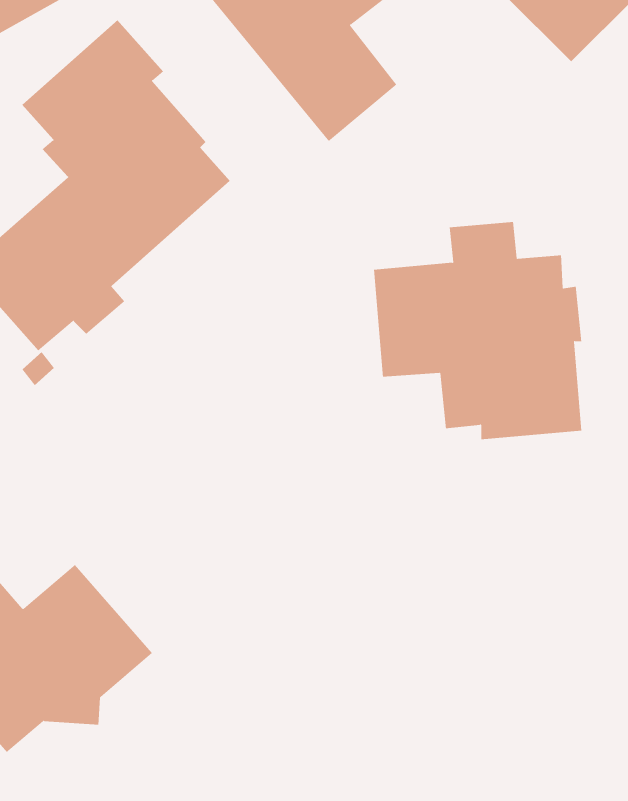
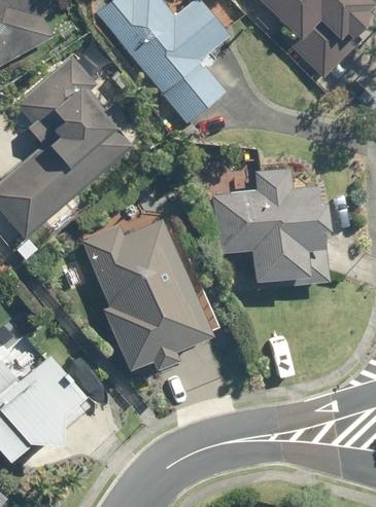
building: none -> [80,218,211,370]

